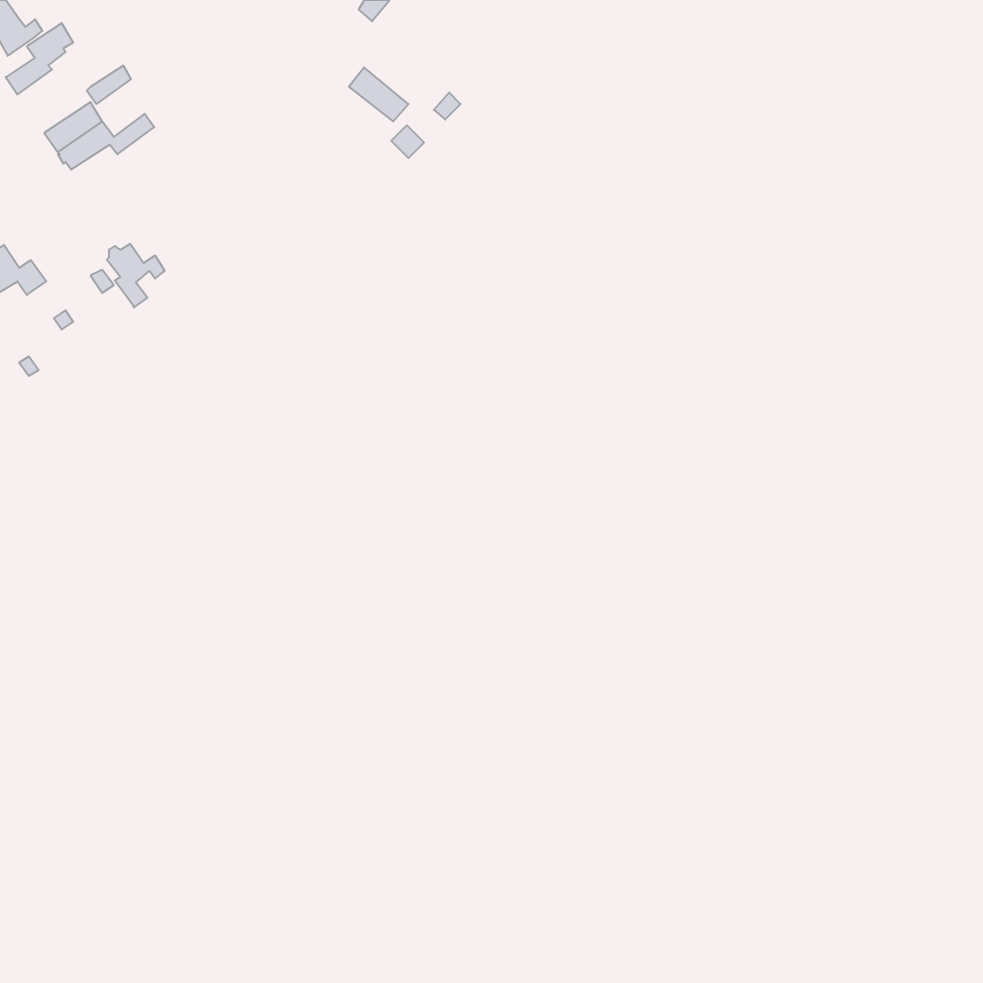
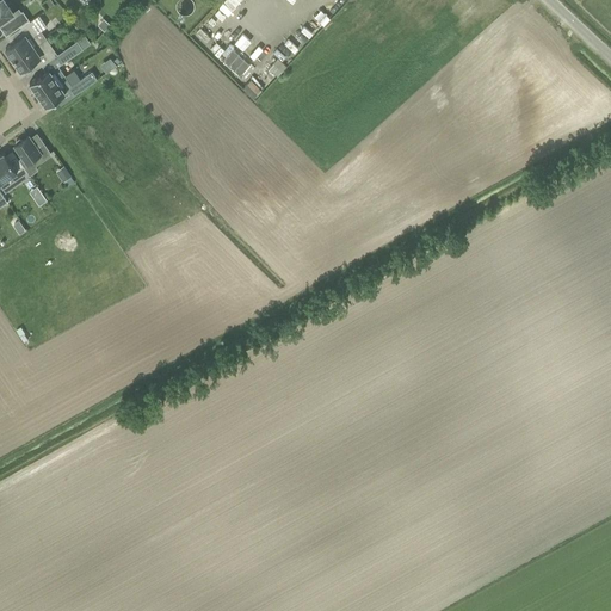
building: none -> [11,44,54,70]
building: [107,244,165,308] -> [13,138,49,178]

